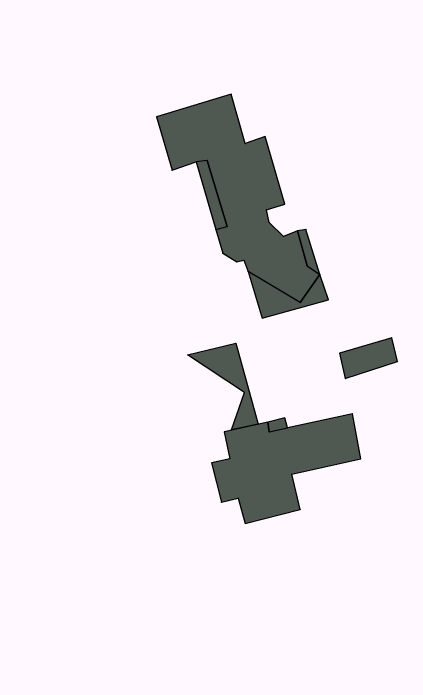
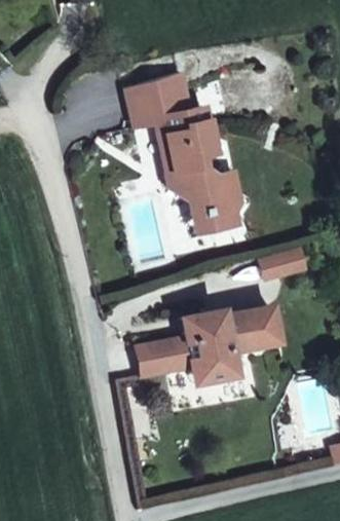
building: [188,343,258,430] -> none
building: none -> [130,342,175,379]

